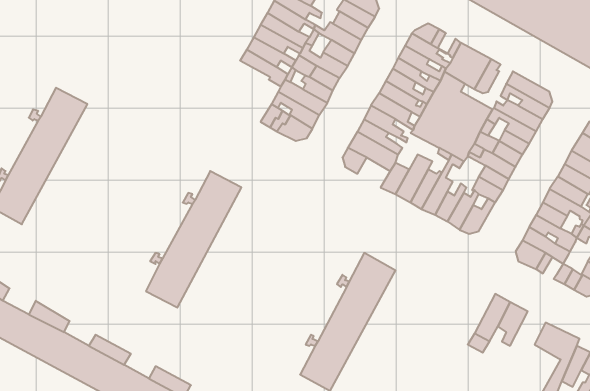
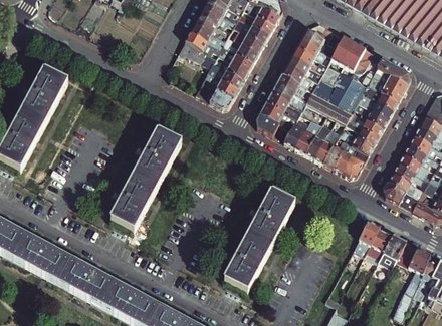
building: none -> [380,234,406,266]

